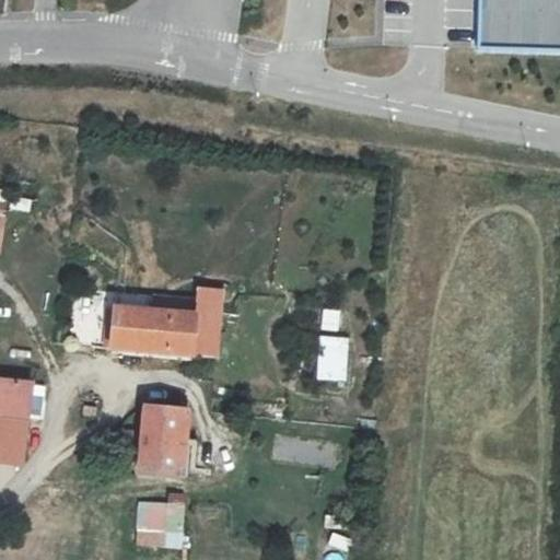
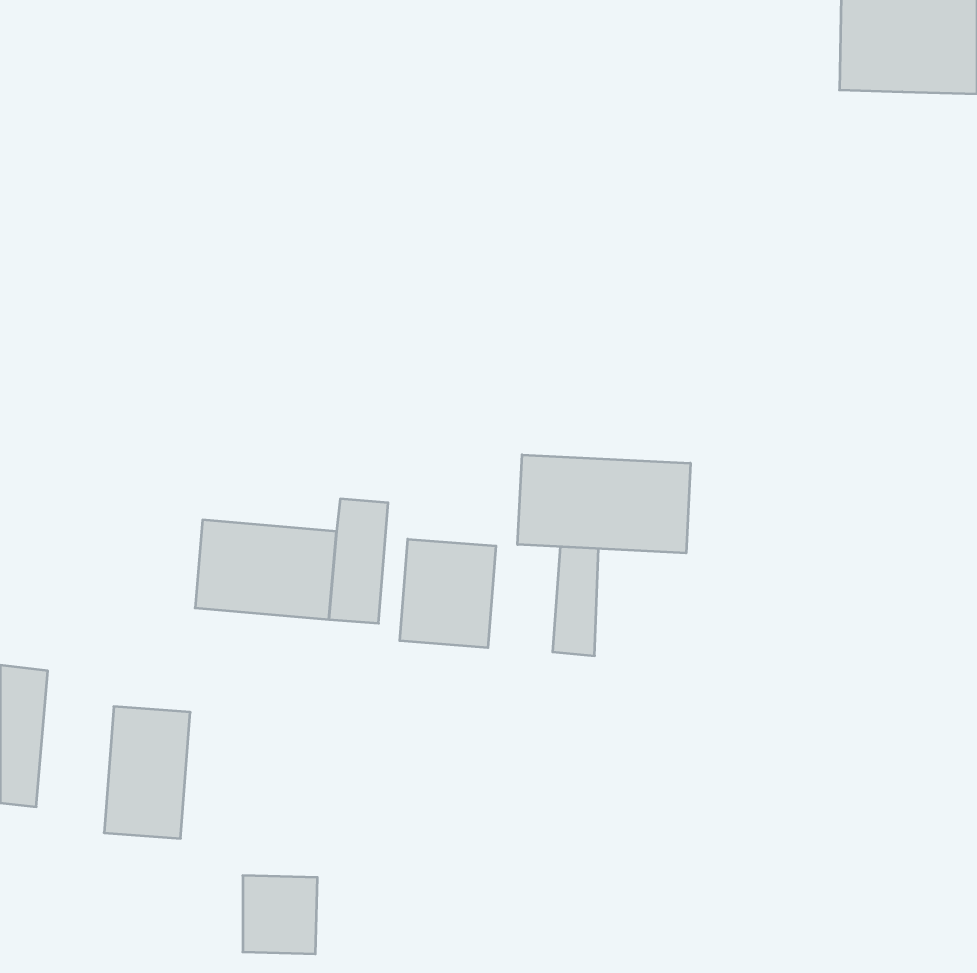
building: none -> [518,455,690,553]
building: none -> [400,539,496,648]
building: [139,402,188,478] -> [104,707,190,838]

